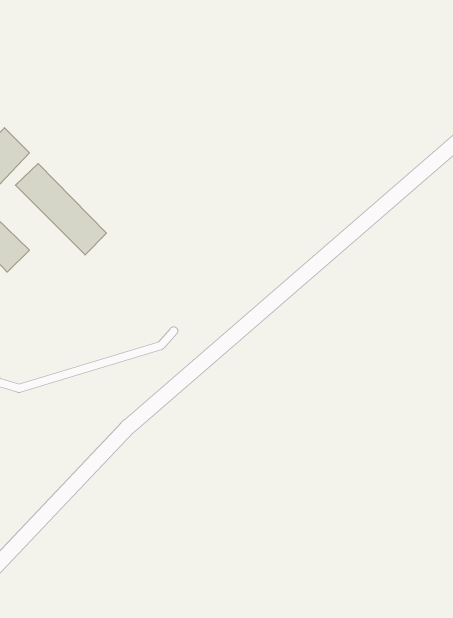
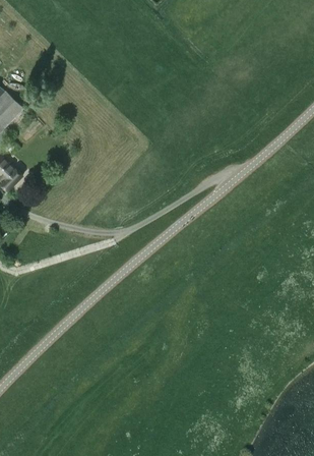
building: [15,164,106,255] -> none

